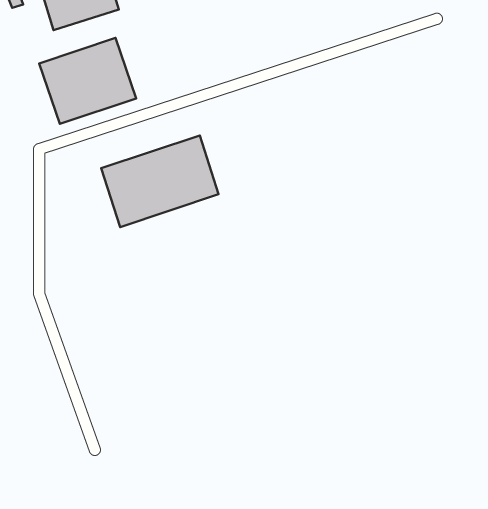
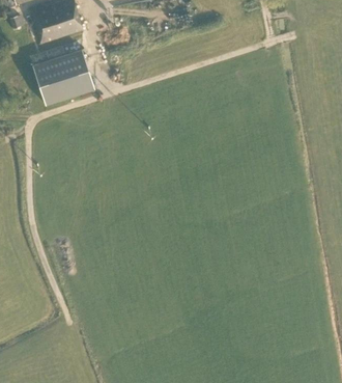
building: [101,135,219,227] -> none

